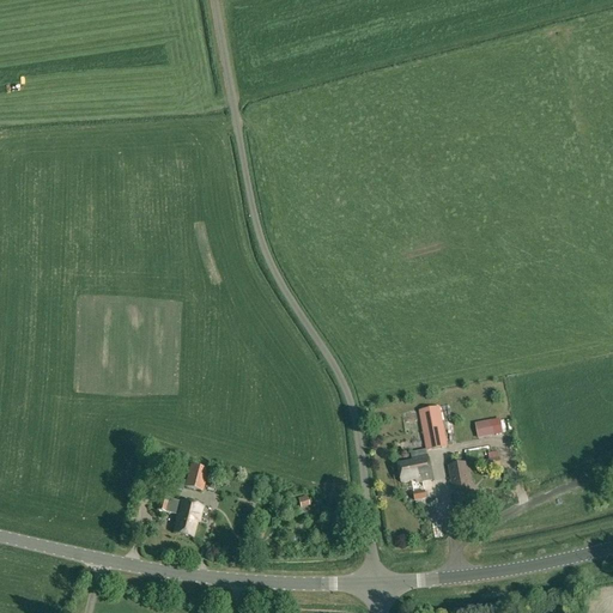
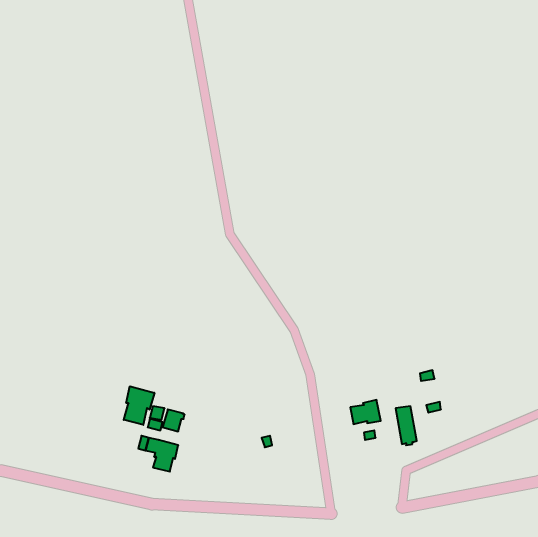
building: [419,405,449,449] -> none
building: none -> [124,386,154,425]

